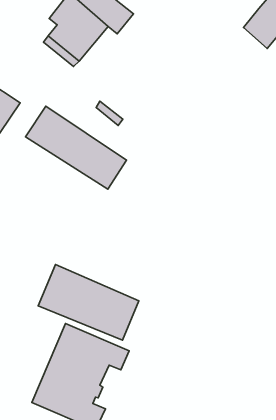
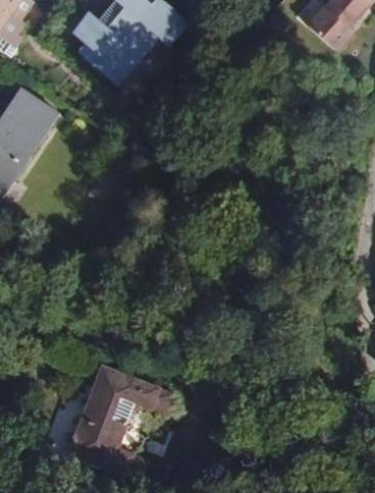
building: [26,106,127,189] -> none
building: [38,264,139,340] -> none

